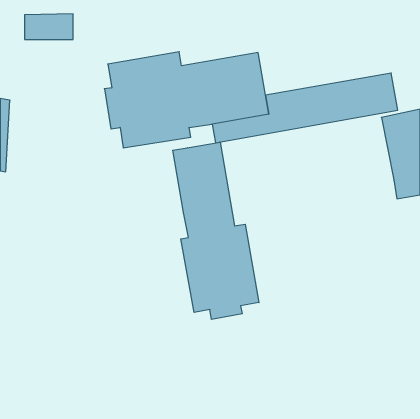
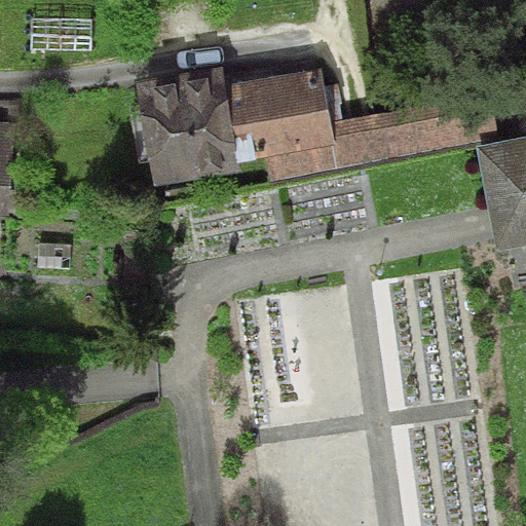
building: [173,142,259,319] -> none

